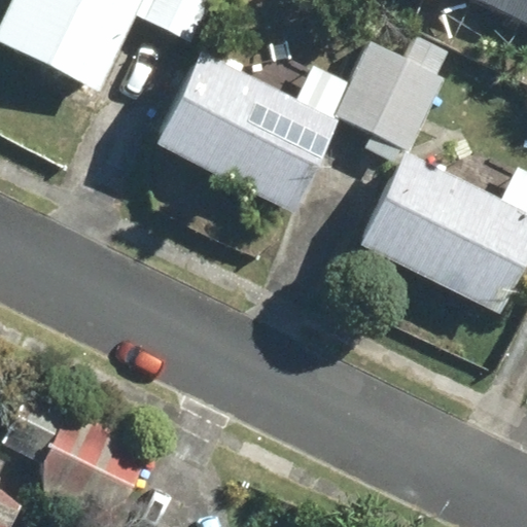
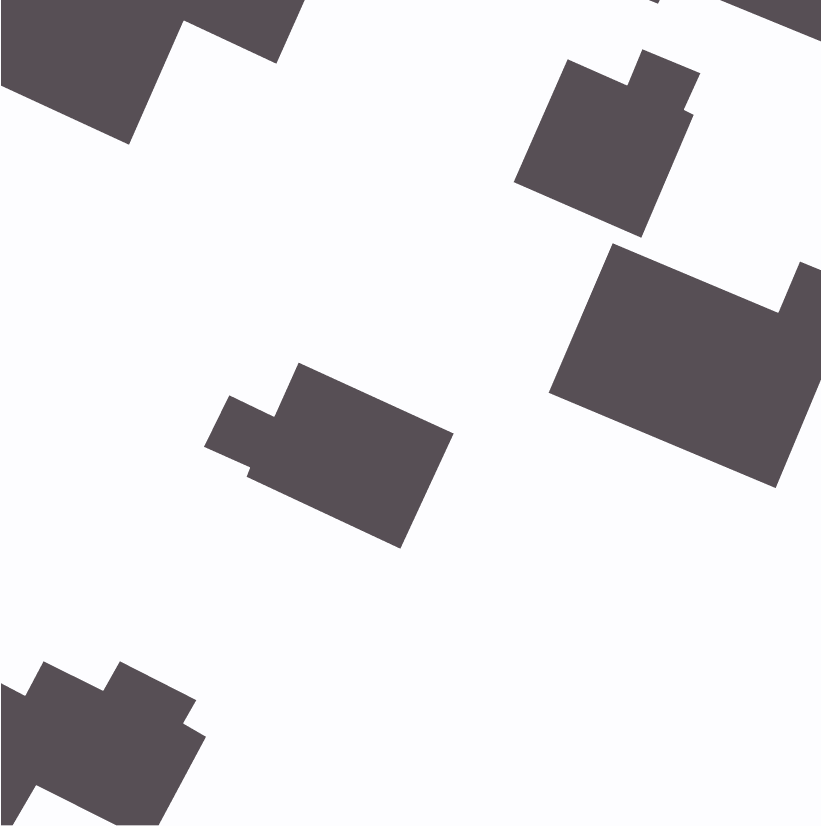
building: [145,52,335,216] -> none
building: none -> [203,361,455,550]

